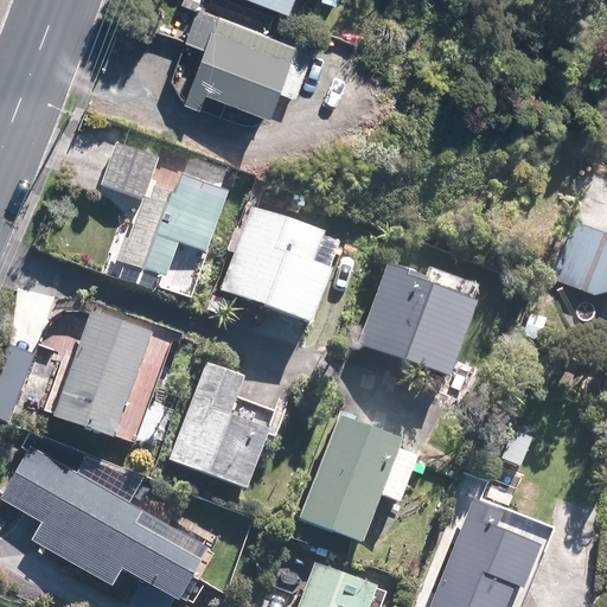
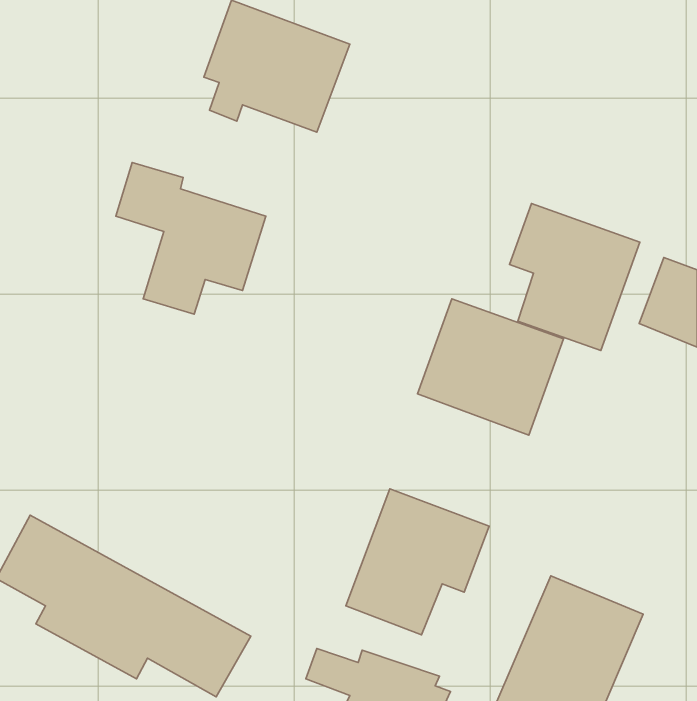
building: none -> [509,203,640,350]
building: [219,202,339,325] -> none
building: [52,308,158,439] -> none
building: [170,363,270,490] -> none

